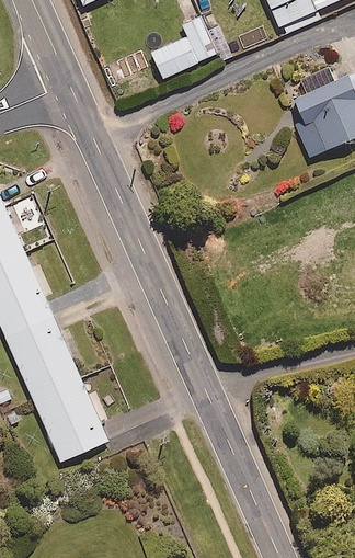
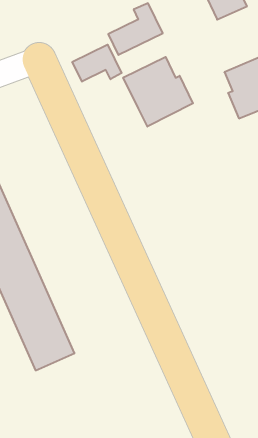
building: none -> [72,45,122,82]
building: none -> [123,57,193,127]

